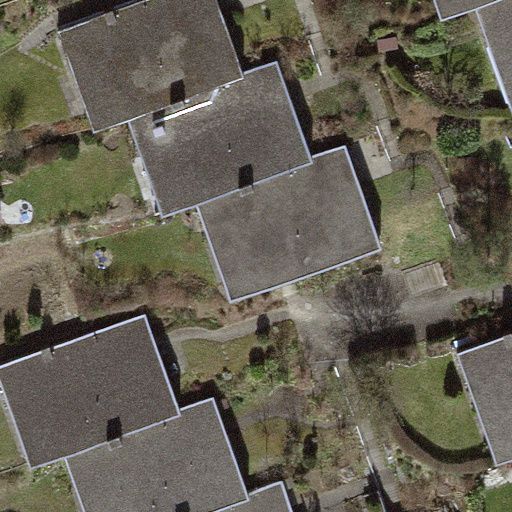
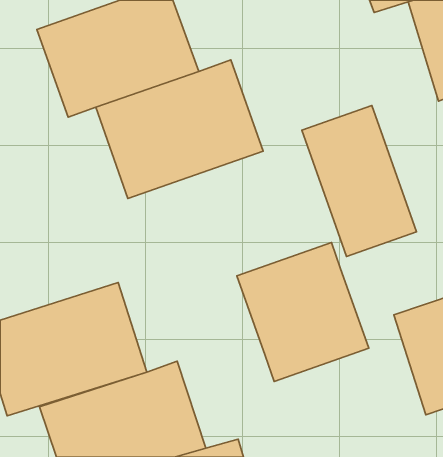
building: none -> [302,105,417,256]
building: [196,156,377,296] -> none
building: none -> [237,242,369,381]

